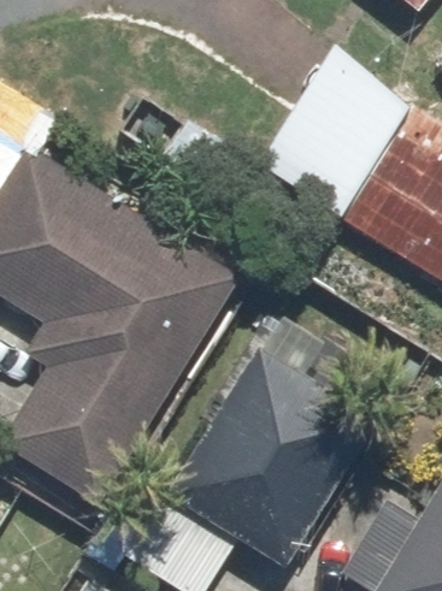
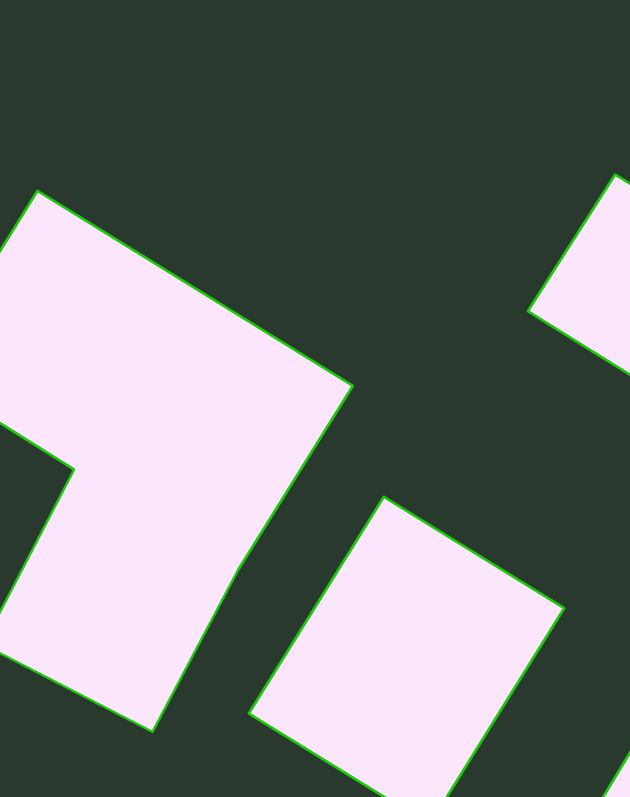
building: [259,49,413,215] -> none

